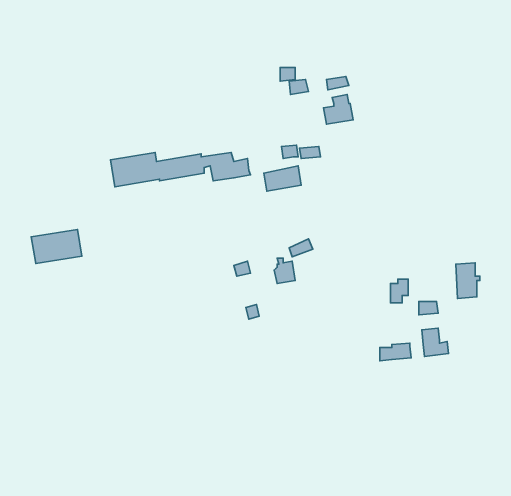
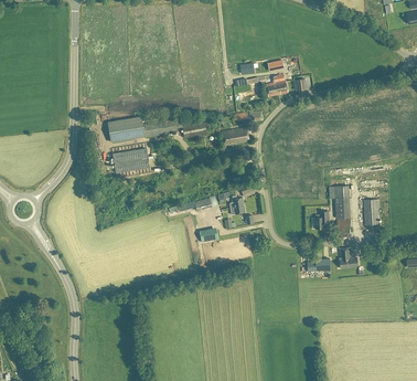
building: [31,229,82,264] -> [111,147,149,172]
building: none -> [328,184,350,218]

